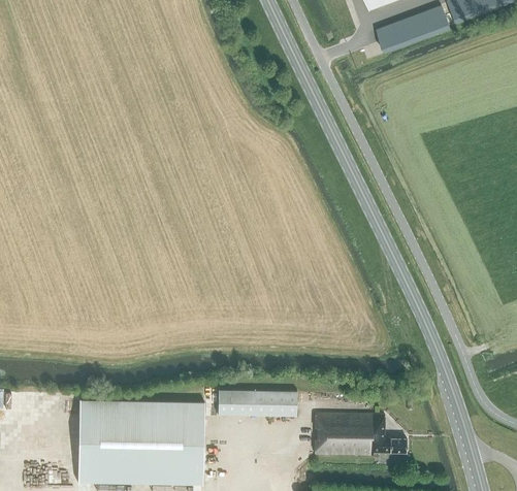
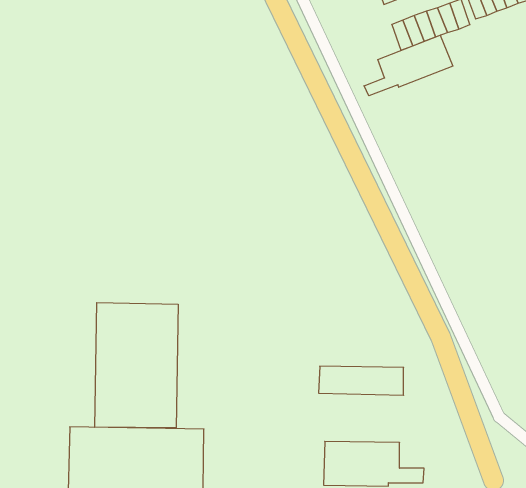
building: none -> [364,35,453,96]
building: none -> [95,303,178,428]
building: [218,390,296,417] -> [319,366,404,395]

